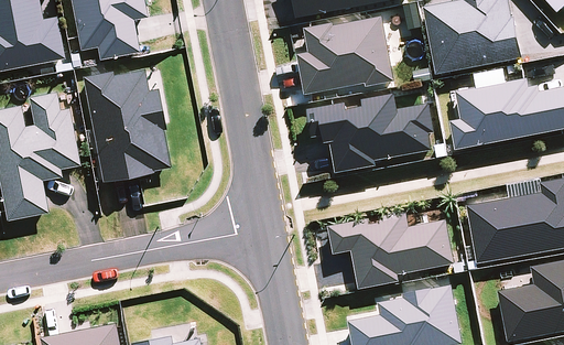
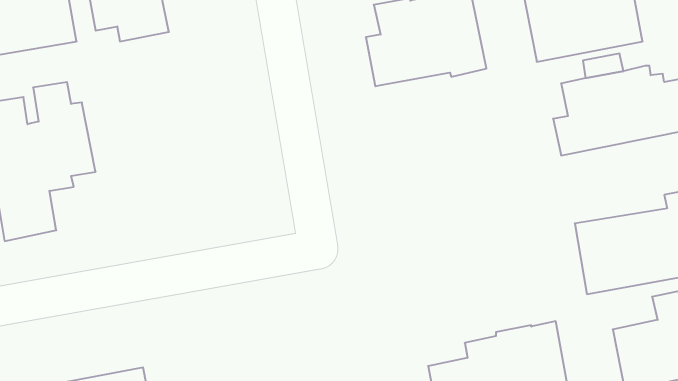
building: [80,68,169,182] -> none
building: [307,94,435,173] -> none
building: [327,212,455,289] -> none

